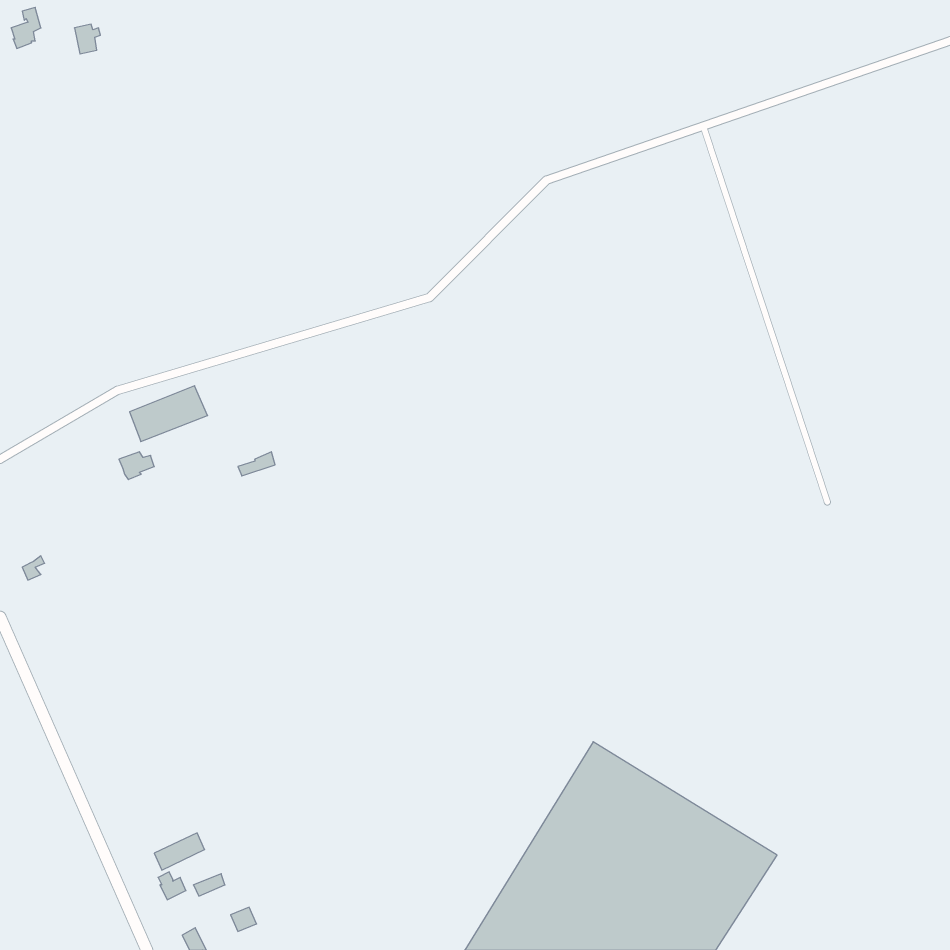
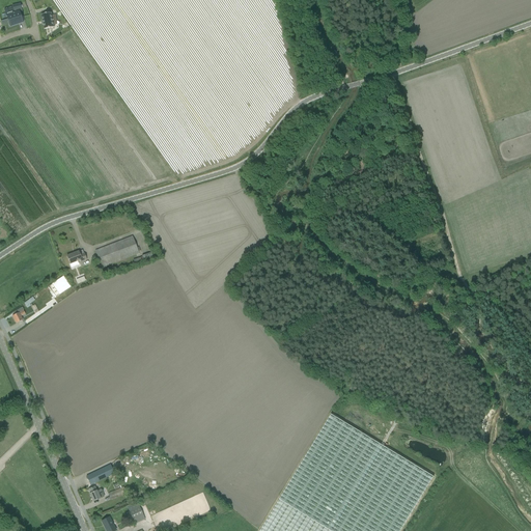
building: [130,386,208,442] -> [95,236,139,268]

